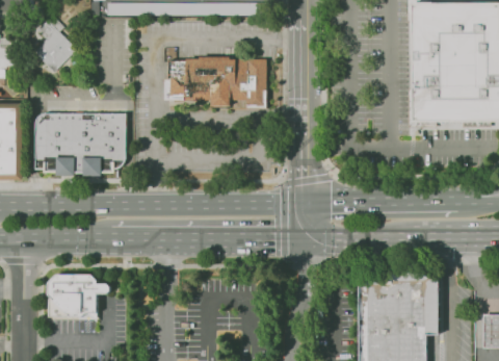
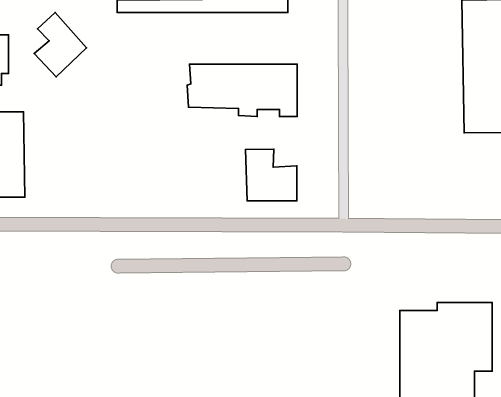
building: [35,114,127,174] -> none
building: none -> [246,149,297,201]
building: [46,275,110,319] -> none

